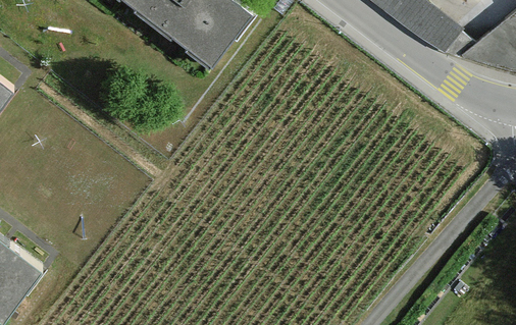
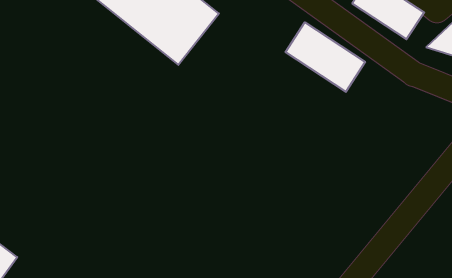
building: none -> [286,22,365,92]

